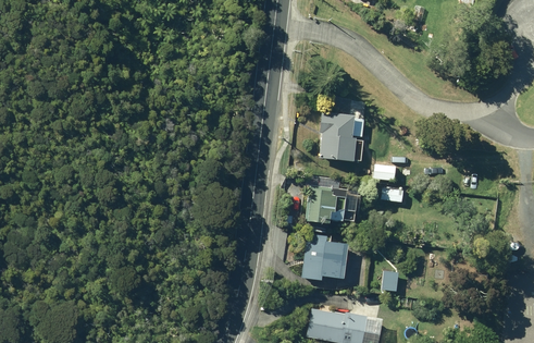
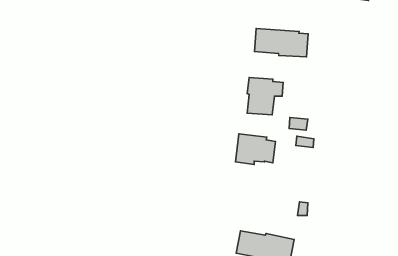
building: none -> [254,28,308,57]
building: [302,233,348,281] -> none

